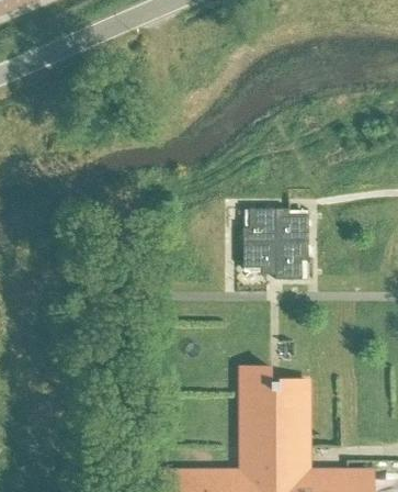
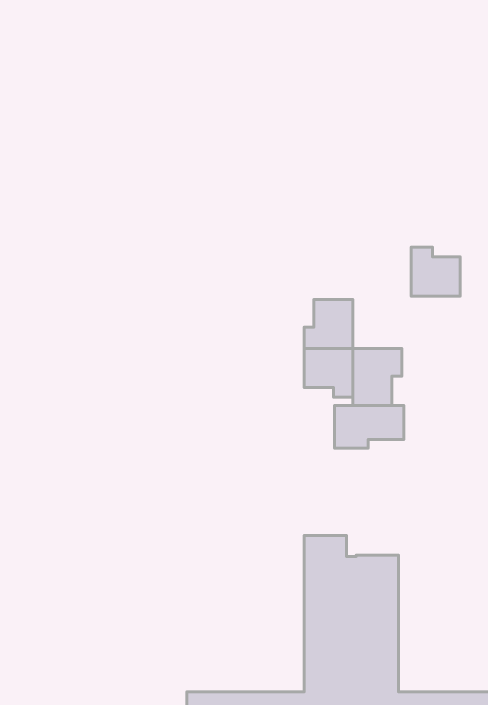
building: [276,209,309,242] -> [411,247,460,296]
building: none -> [335,405,404,448]

